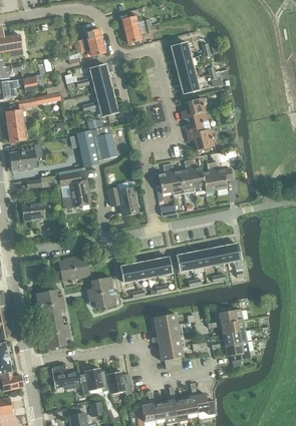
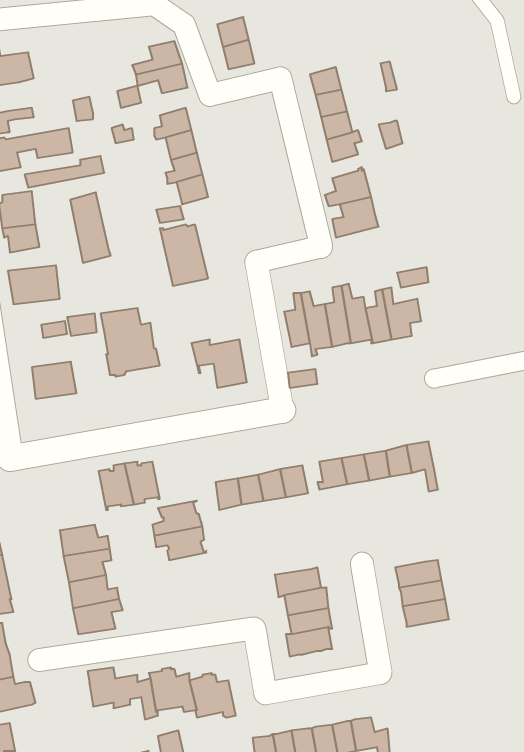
building: [186,128,214,150] -> none
building: [76,129,98,167] -> [70,192,111,263]
building: [224,341,250,366] -> none

